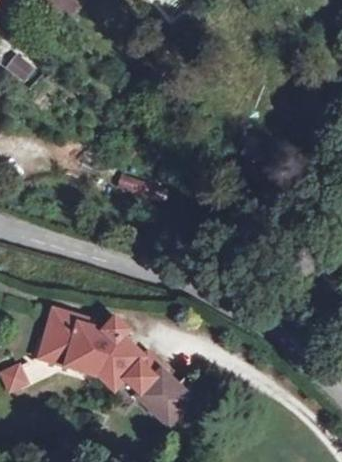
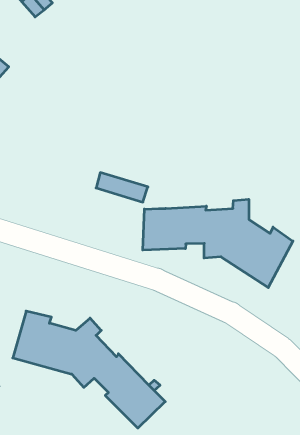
building: none -> [143,199,293,288]

